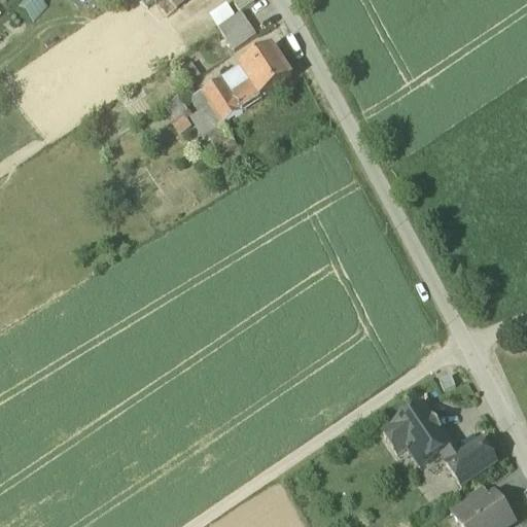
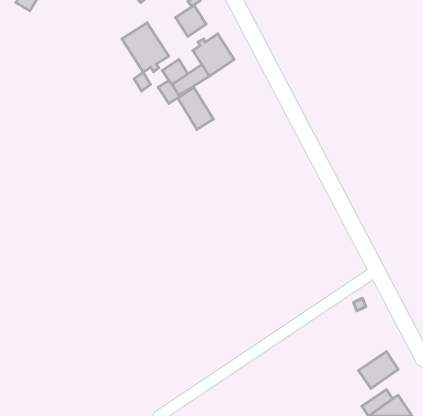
building: none -> [122,23,169,72]
building: none -> [178,87,214,130]
building: [383,401,452,462] -> none

